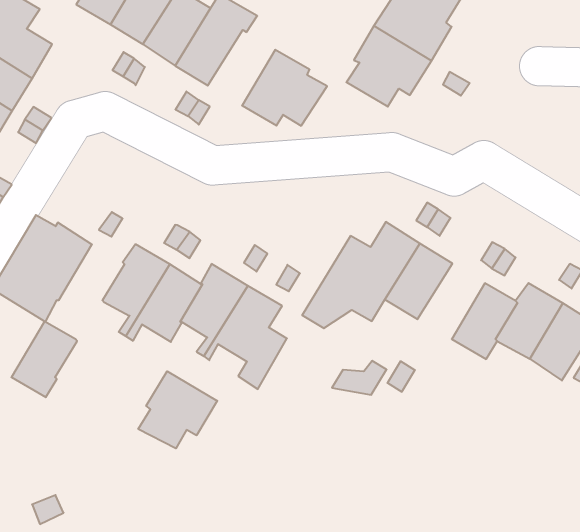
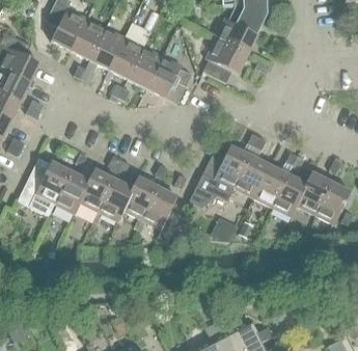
building: none -> [128,47,163,88]
building: none -> [253,165,288,207]
building: [11,321,77,397] -> [56,171,90,213]
building: [138,371,217,448] -> none

